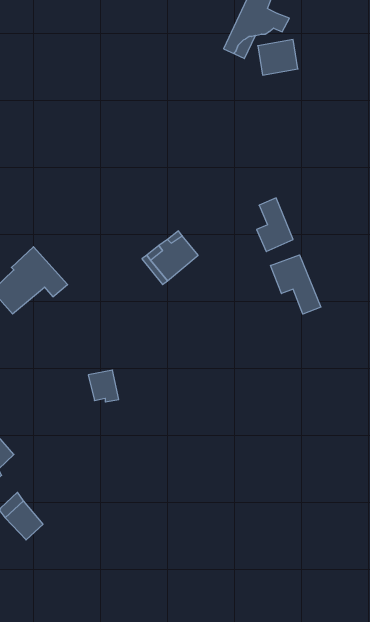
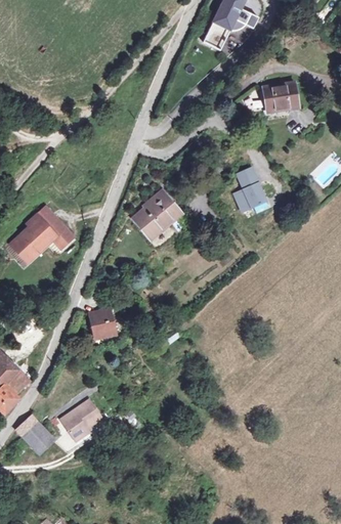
building: [258,40,298,75] -> [265,80,299,110]
building: [271,255,321,314] -> none
building: none -> [60,398,101,441]

